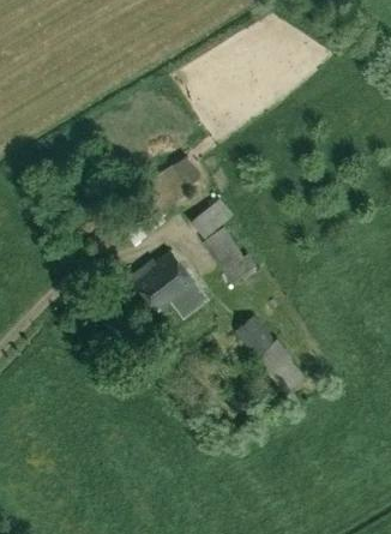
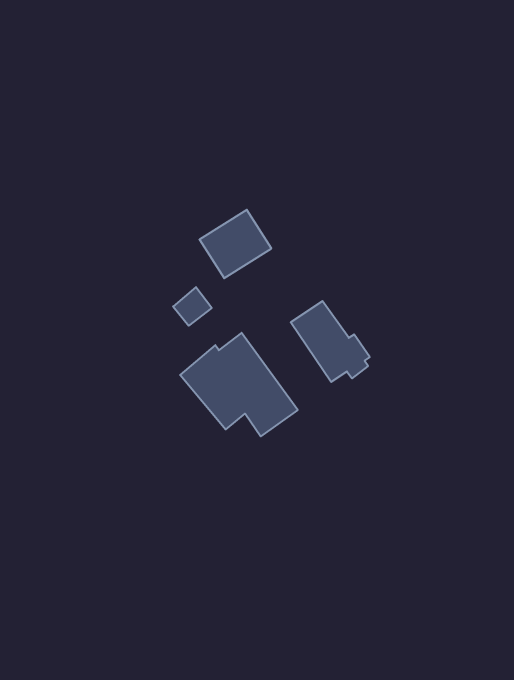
building: [188,197,234,240] -> none
building: [235,316,305,394] -> none

